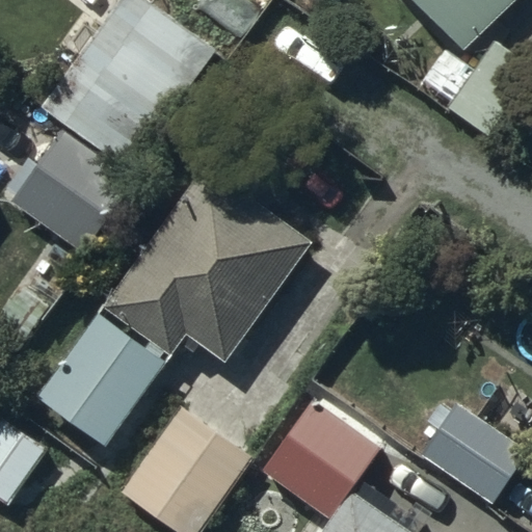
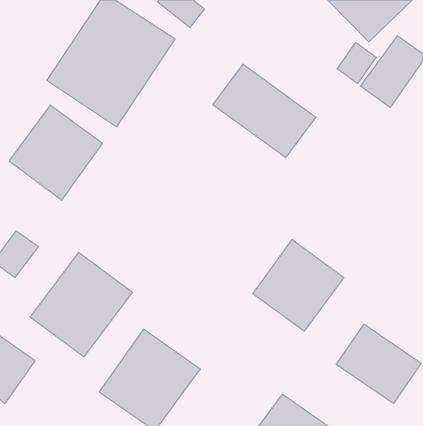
building: none -> [213,64,316,158]
building: [105,169,308,360] -> none
building: [264,402,377,516] -> [253,239,344,331]

